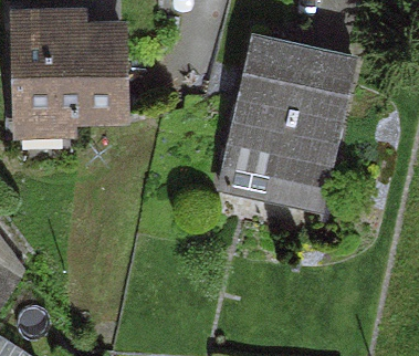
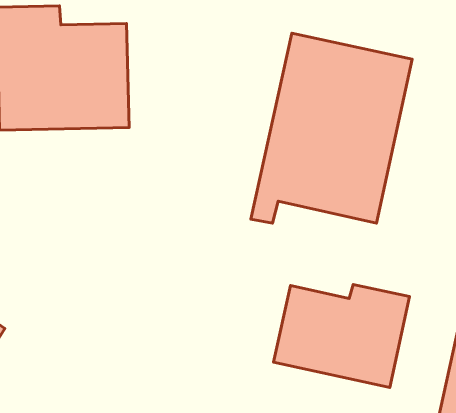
building: none -> [273,284,409,387]

